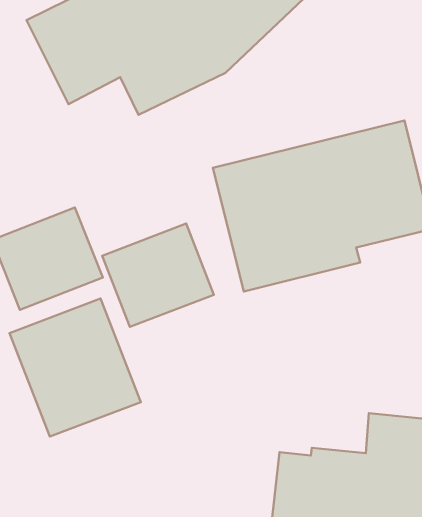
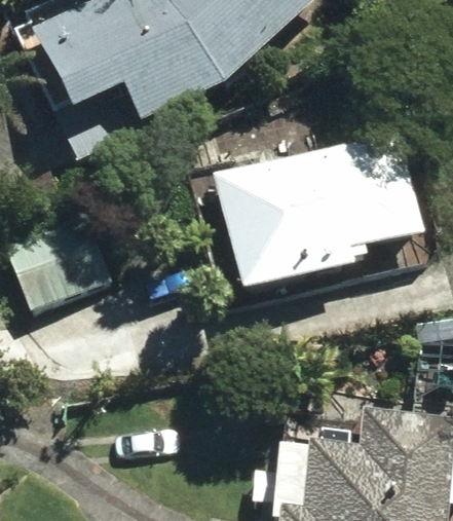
building: [102,224,214,327] -> none
building: [9,299,141,437] -> none

